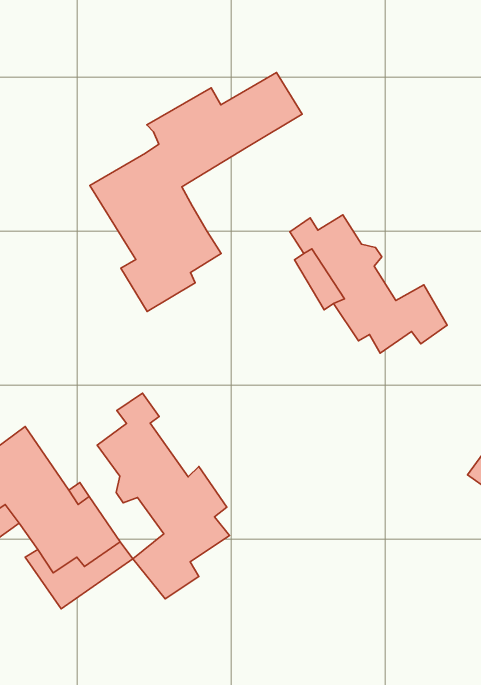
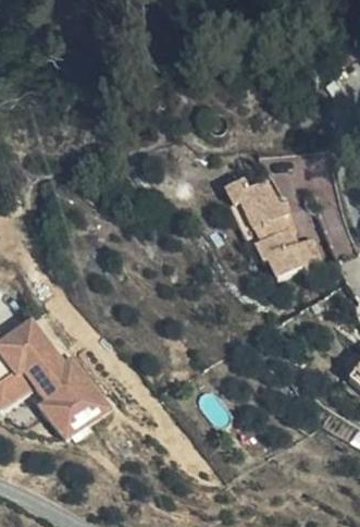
building: [90,73,302,311] -> none
building: [97,393,230,599] -> none

